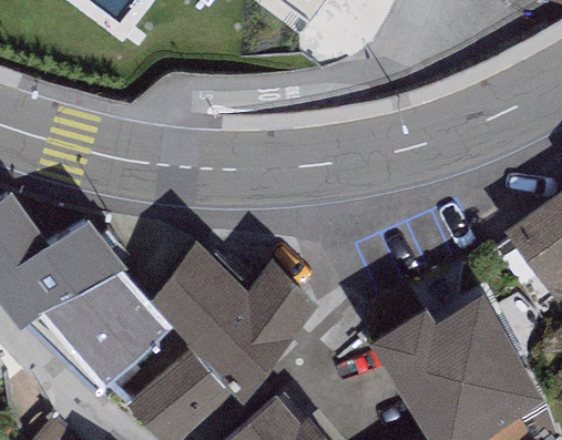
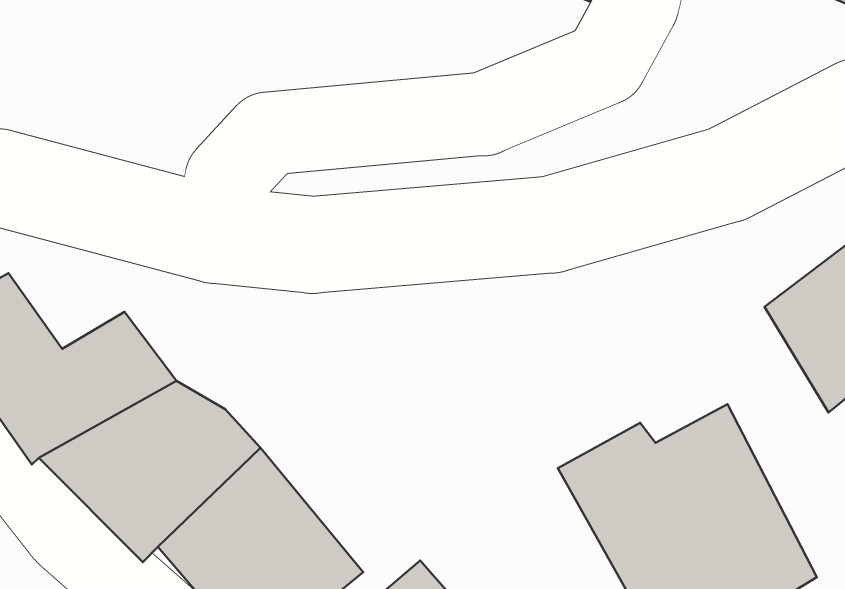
building: [152,232,321,401] -> none

